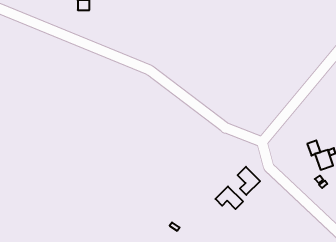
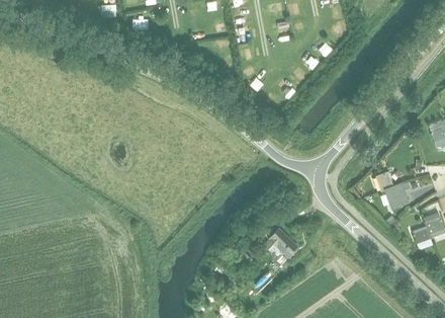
building: [238,167,260,195] -> none

